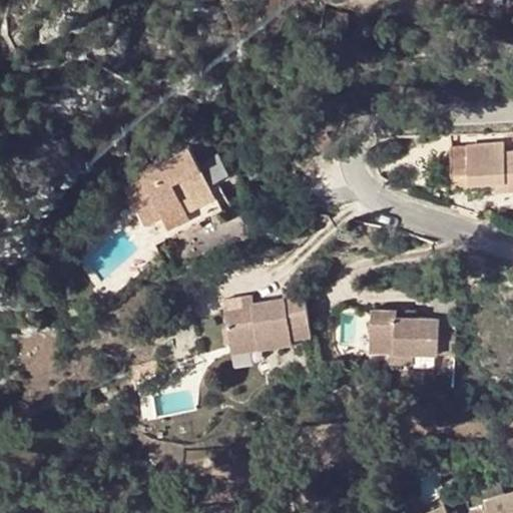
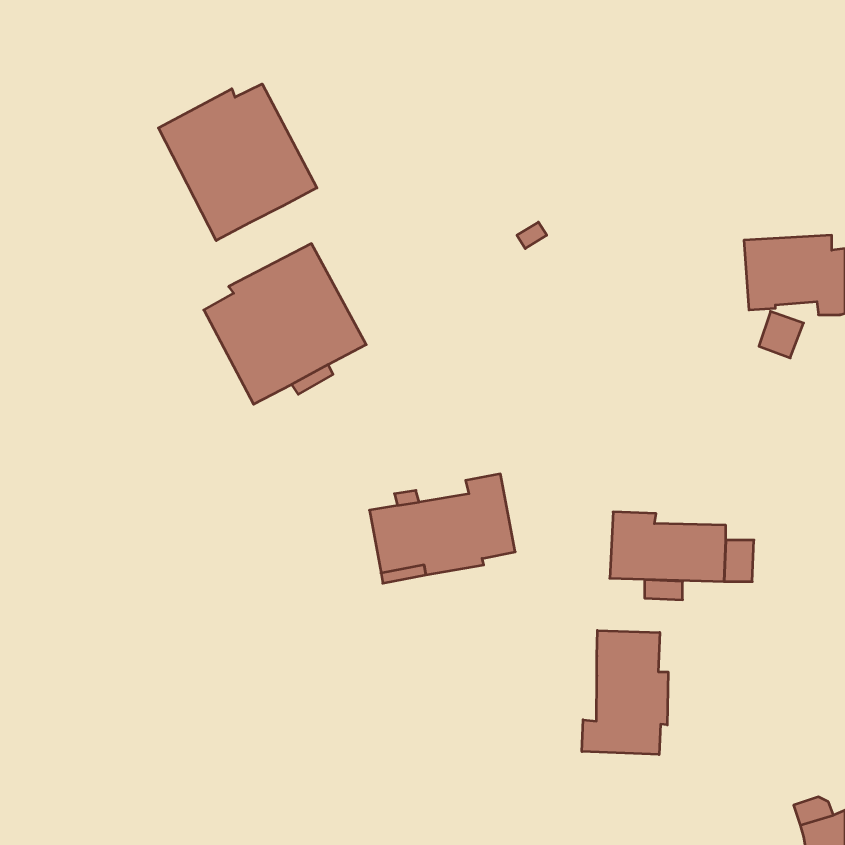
building: none -> [158,84,317,241]
building: none -> [582,630,668,755]

